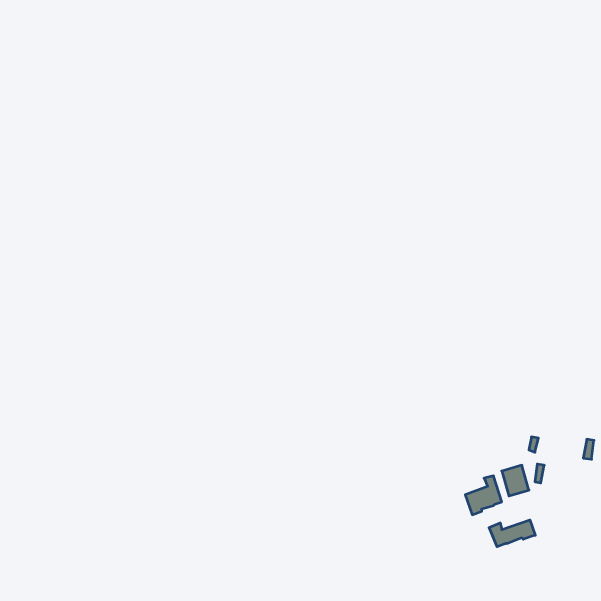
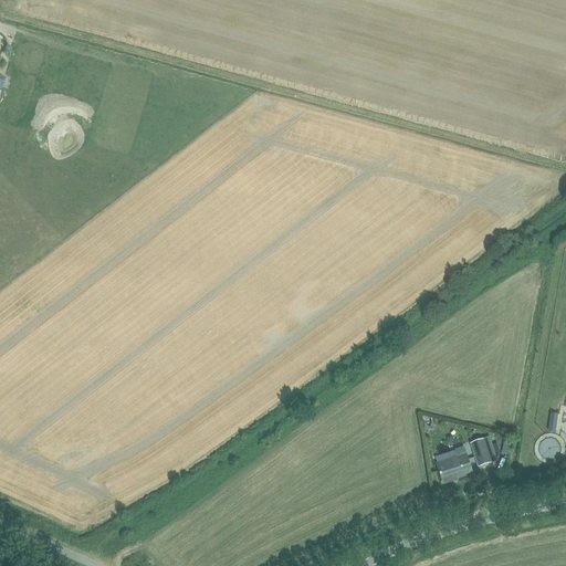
building: [489,520,535,547] -> none

